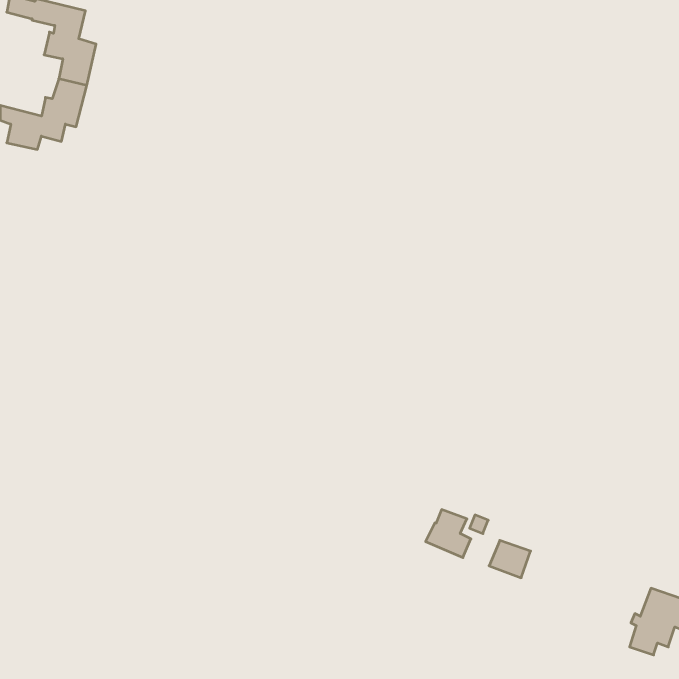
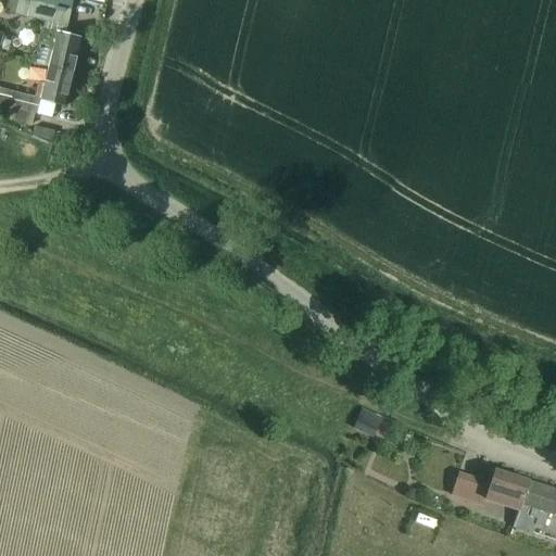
building: [489,540,531,578] -> [453,470,486,501]
building: none -> [485,467,532,507]

